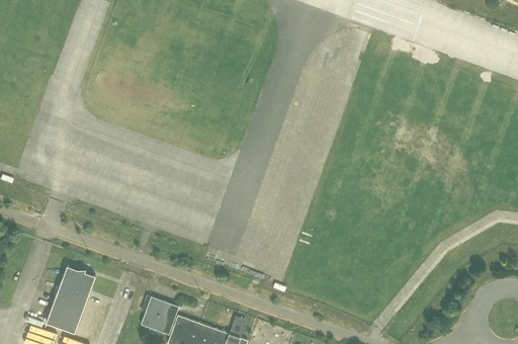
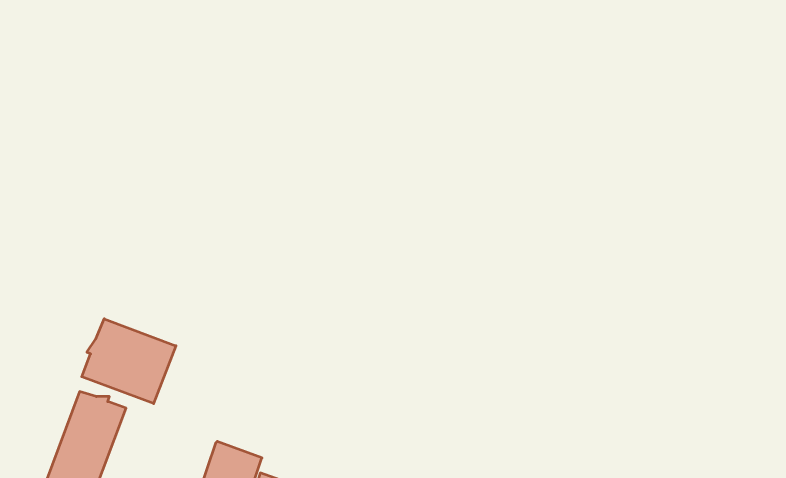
building: none -> [82,319,176,404]

